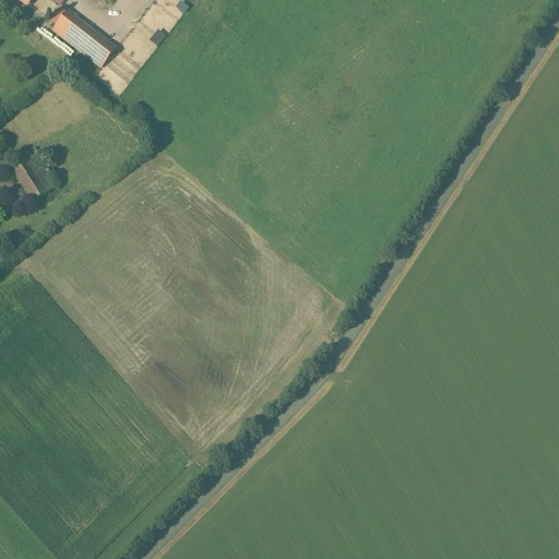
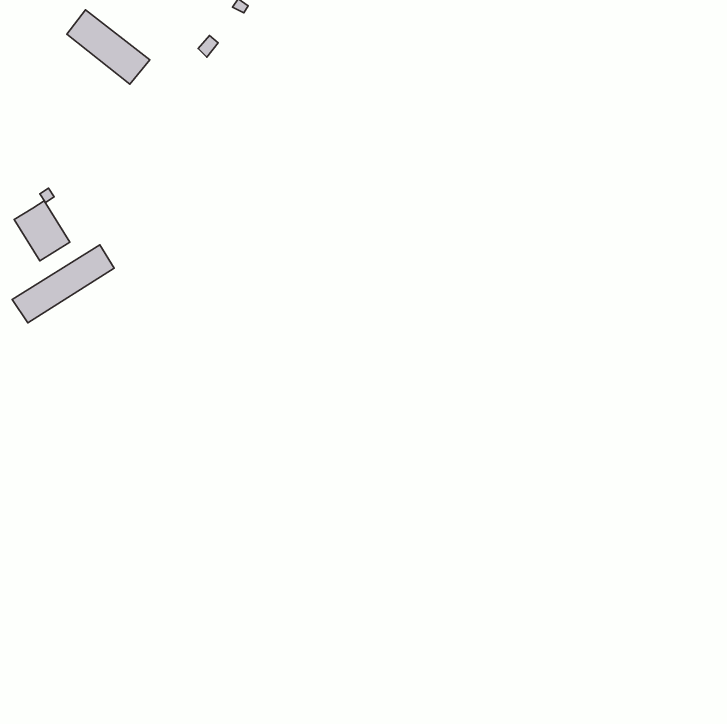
building: none -> [12,245,114,323]

